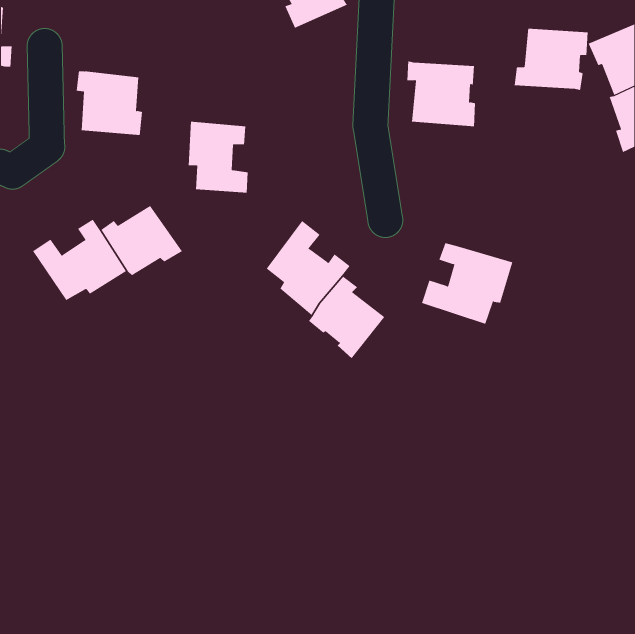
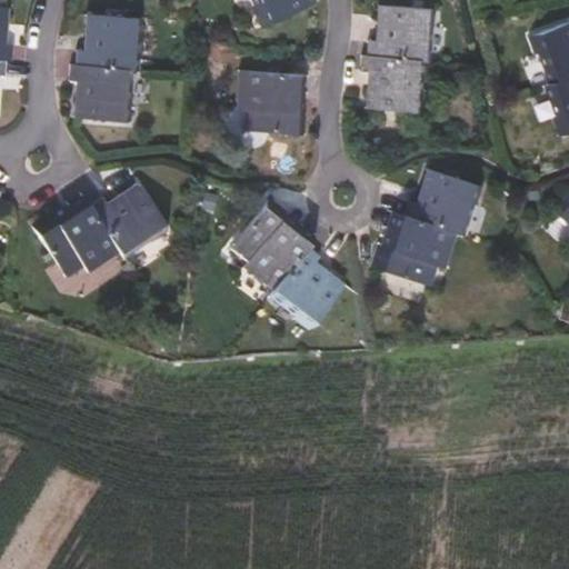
building: none -> [76,16,140,70]
building: [514,28,588,90] -> [370,4,437,60]
building: [188,121,249,193] -> [238,70,292,134]
building: none -> [410,170,487,237]

